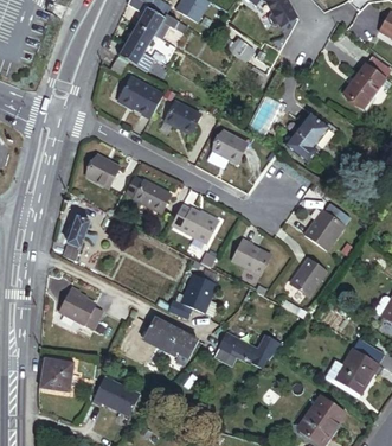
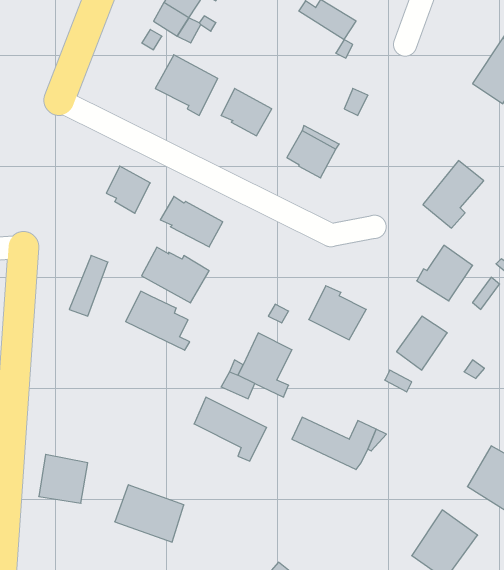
building: [288,114,330,161] -> [423,161,484,228]
building: [171,204,218,243] -> [142,247,209,303]
building: [62,292,107,333] -> [126,291,190,350]

